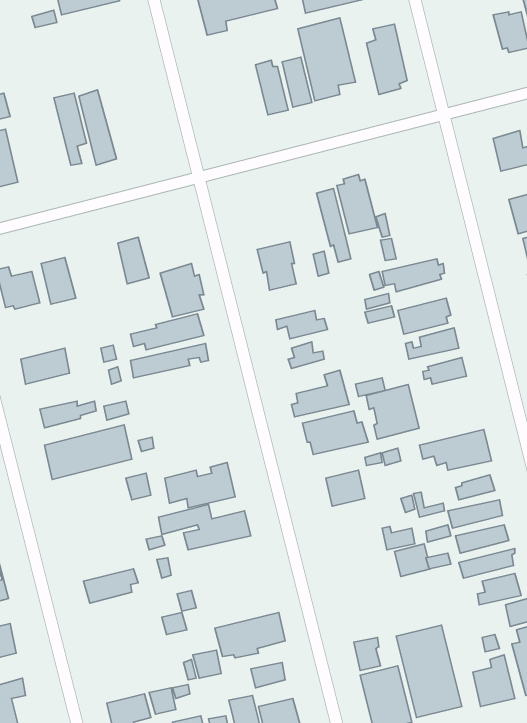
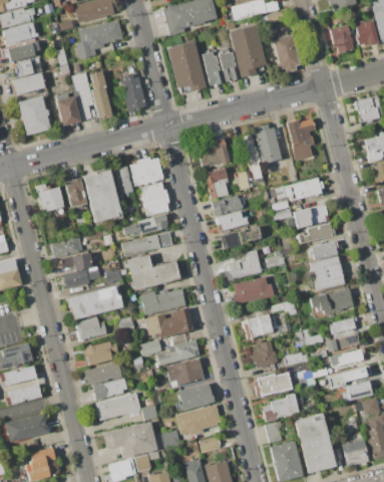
building: none -> [80,19,124,49]
building: none -> [329,24,354,53]
building: none -> [168,42,207,91]
building: none -> [122,76,146,112]
building: none -> [57,95,82,126]
building: none -> [287,118,316,160]
building: none -> [199,138,230,167]
building: none -> [131,157,164,185]
building: none -> [83,169,122,222]
building: none -> [212,194,243,215]
building: none -> [61,252,94,271]
building: none -> [127,255,180,290]
building: [366,384,419,439] -> [311,256,345,291]
building: none -> [140,288,187,316]
building: none -> [75,317,108,340]
building: none -> [249,339,278,369]
building: none -> [82,340,118,366]
building: none -> [166,358,205,386]
building: none -> [85,363,122,385]
building: none -> [259,373,293,396]
building: none -> [179,383,215,411]
building: none -> [95,393,139,421]
building: none -> [264,393,300,420]
building: none -> [103,421,157,457]

